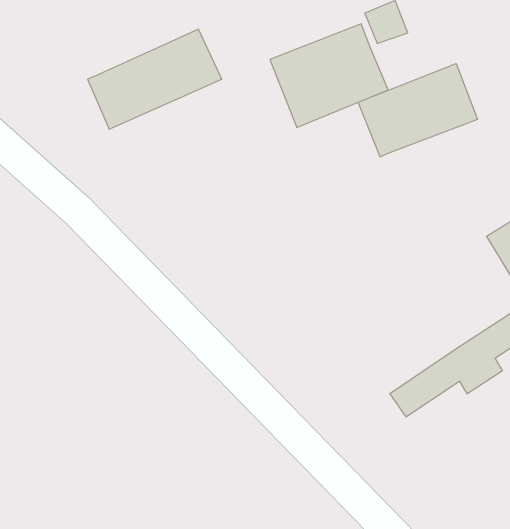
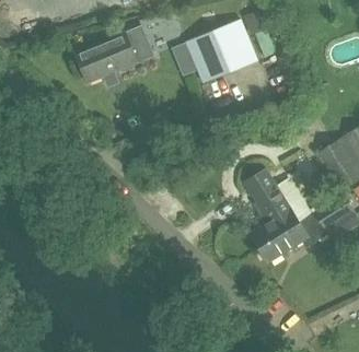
building: [358,64,477,157] -> none
building: none -> [242,167,299,248]

